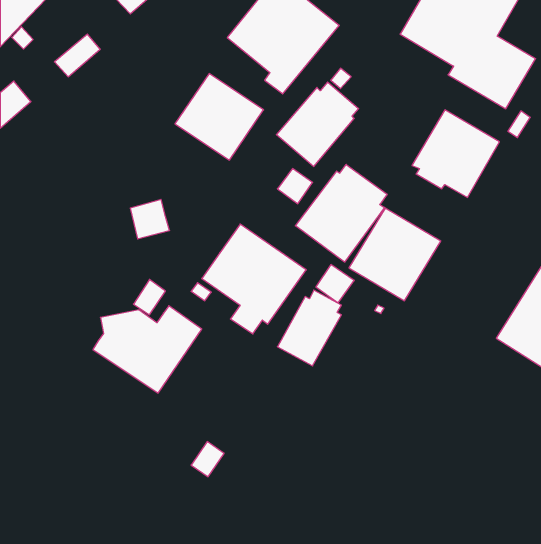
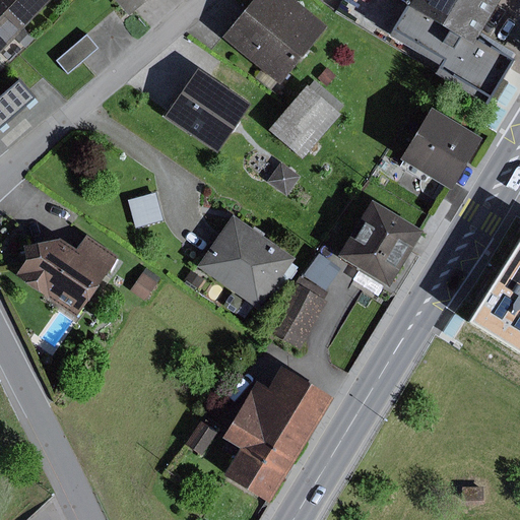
building: [295,164,387,262] -> none
building: [93,306,202,393] -> [14,233,118,316]
building: none -> [220,365,332,501]

